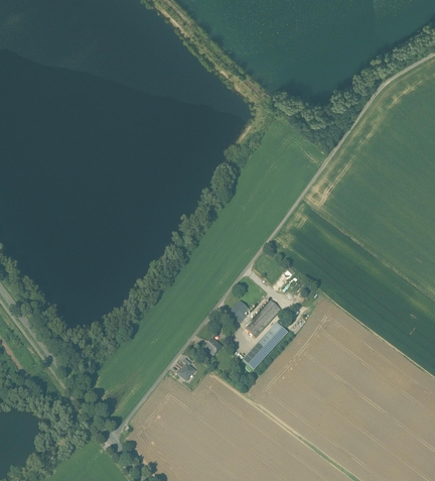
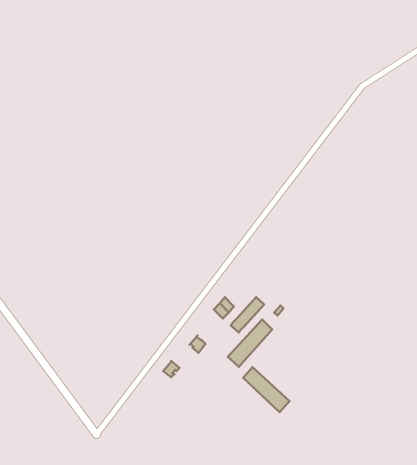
building: none -> [243,367,290,412]

